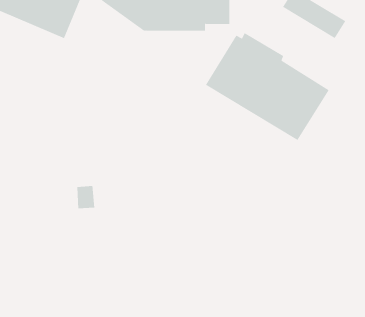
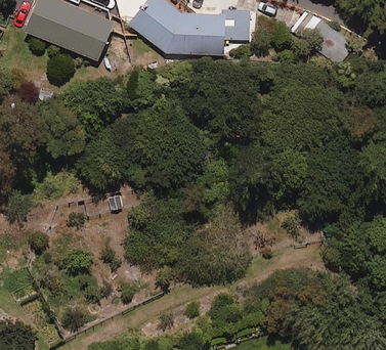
building: [205,32,330,141] -> none

